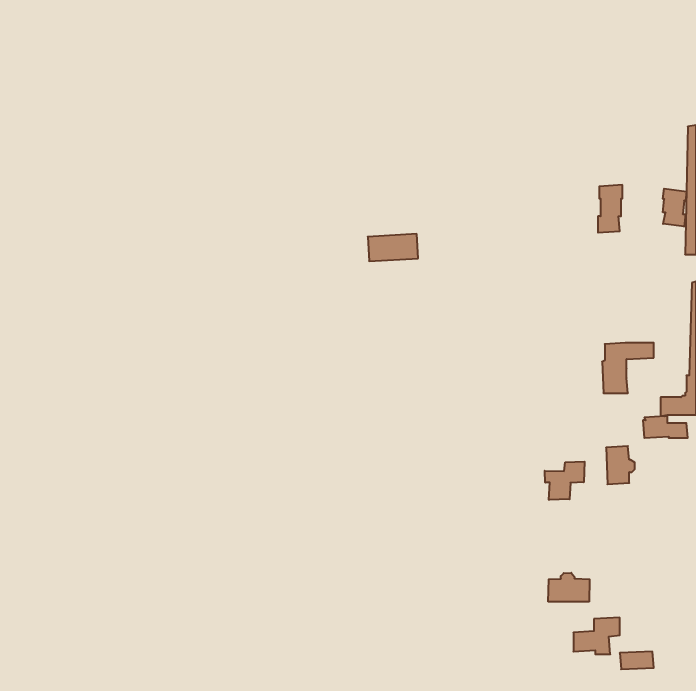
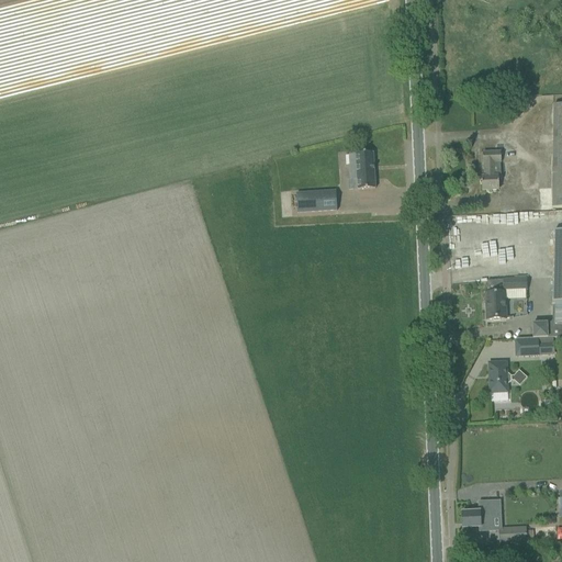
building: none -> [348,150,375,188]
building: [663,189,686,227] -> none
building: [545,462,585,500] -> none
building: [548,573,590,602] -> none

